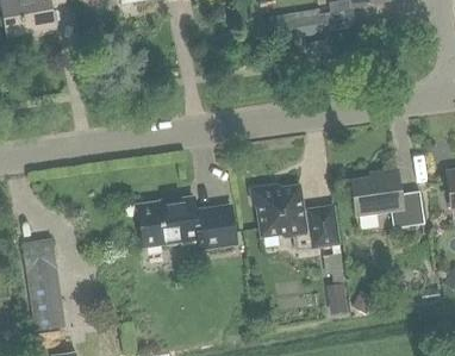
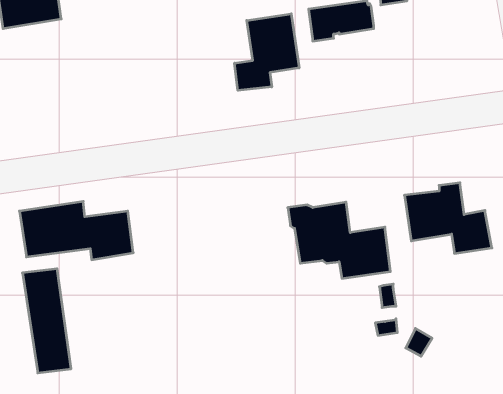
building: none -> [235,14,299,90]
building: [138,196,236,246] -> [19,201,133,260]

